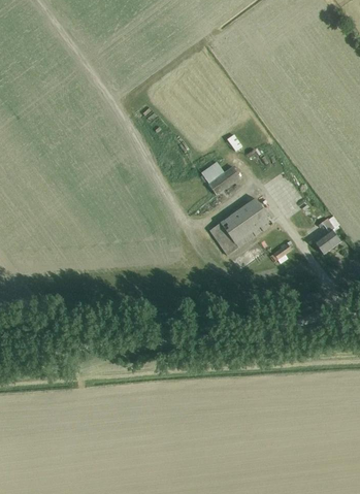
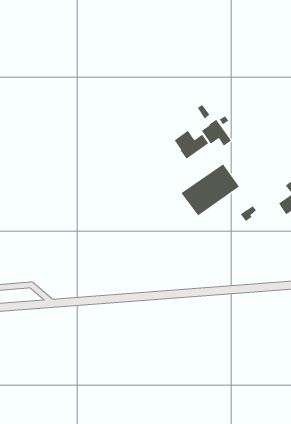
building: none -> [201,119,232,146]

